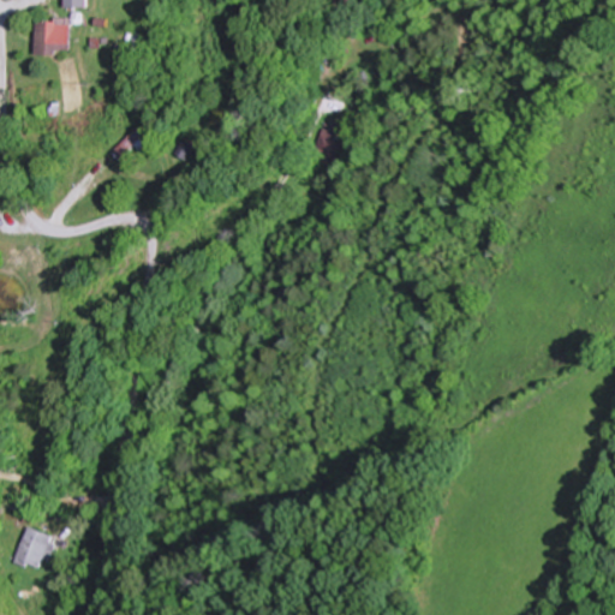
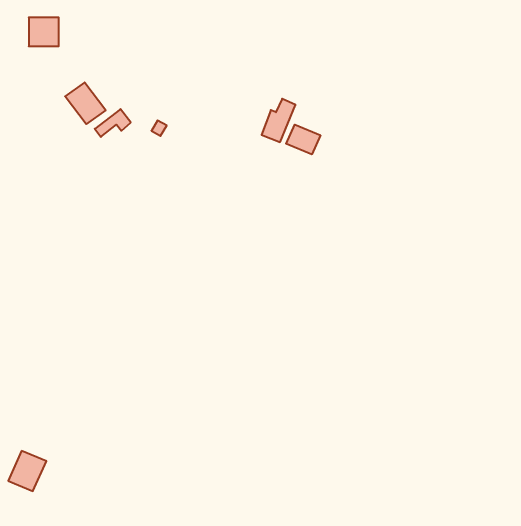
building: none -> [65,82,106,124]
building: none -> [286,125,320,154]

